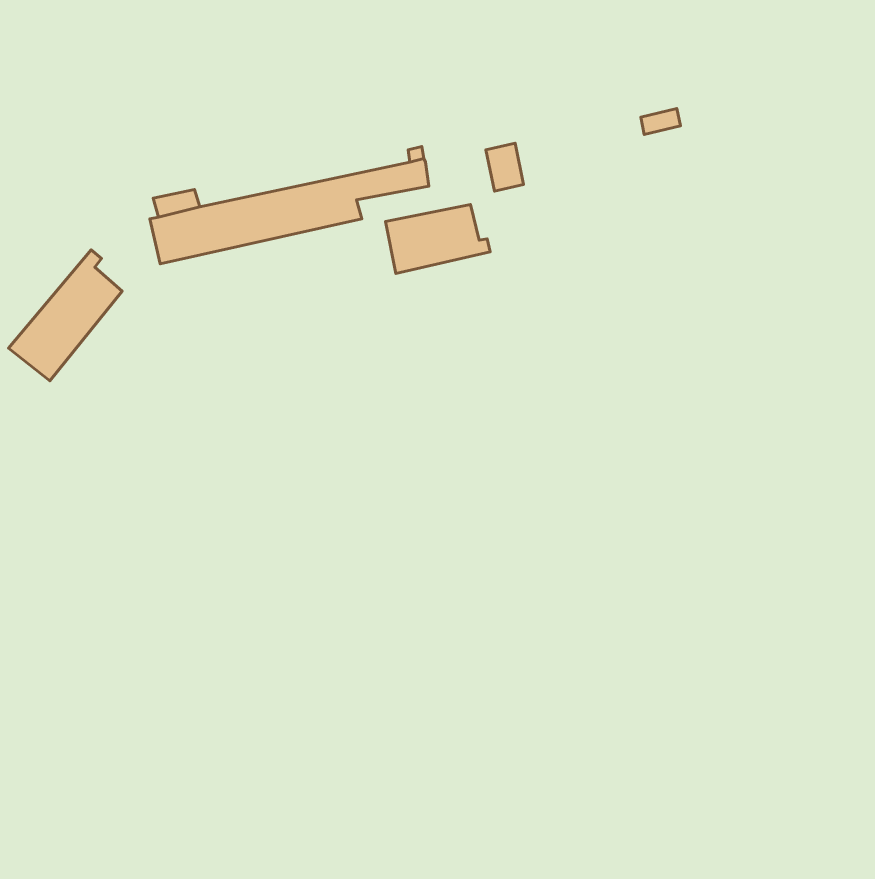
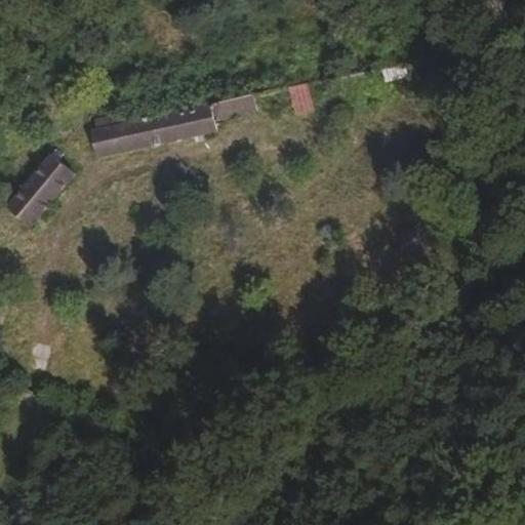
building: [385,204,490,274] -> none

